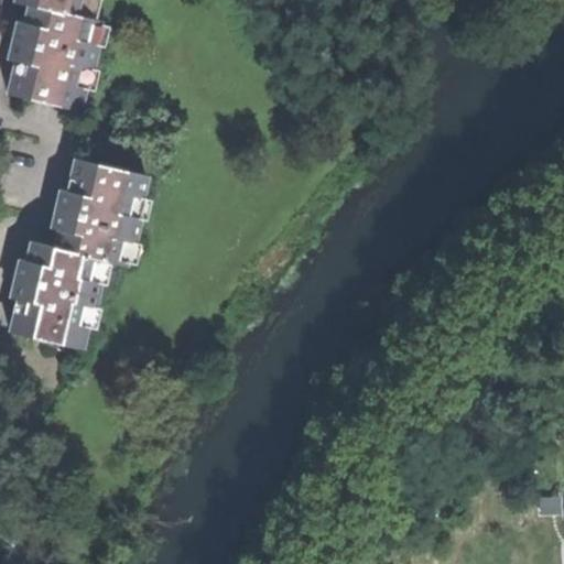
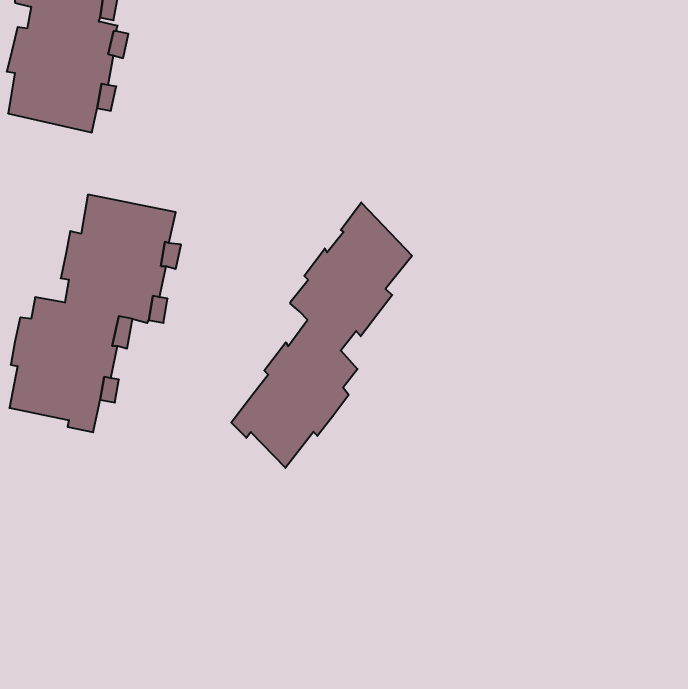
building: none -> [231,202,412,468]

